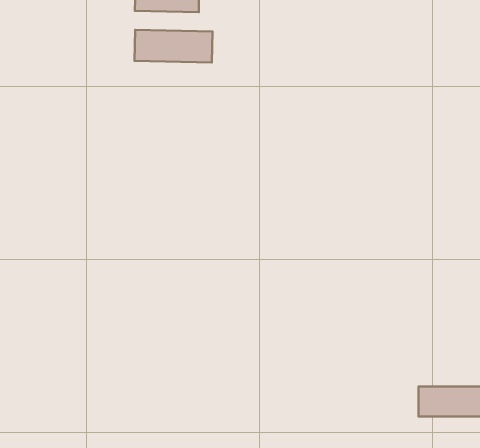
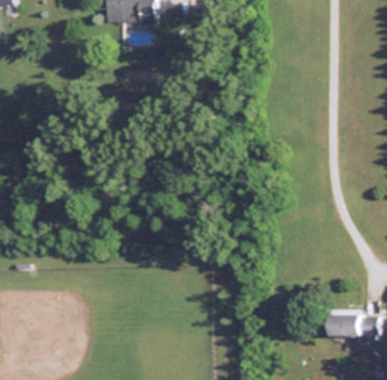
building: [134,30,212,62] -> none

